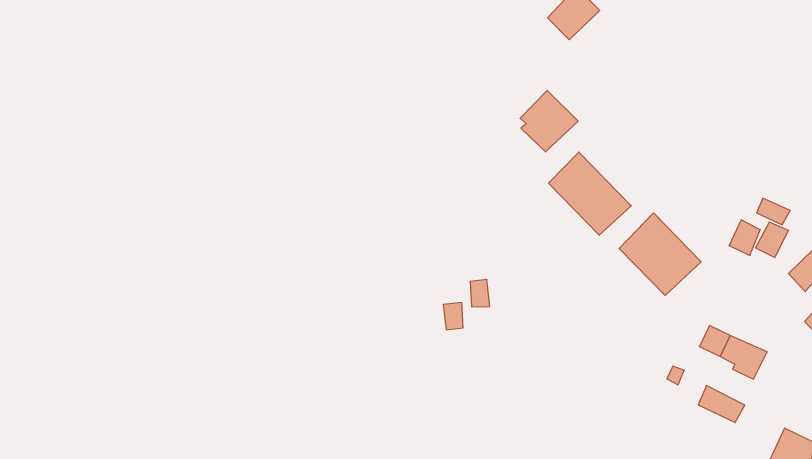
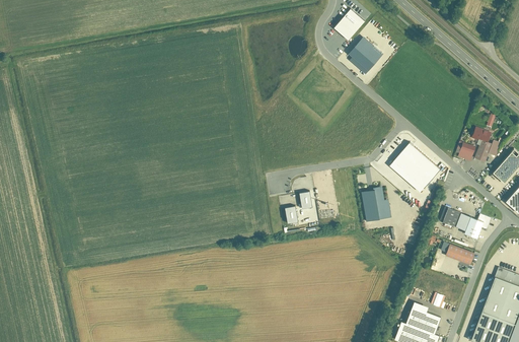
building: [520,90,578,152] -> [349,37,384,74]
building: [549,152,631,235] -> none
building: none -> [362,186,392,221]

